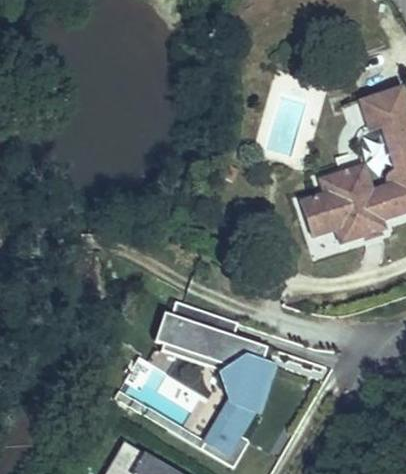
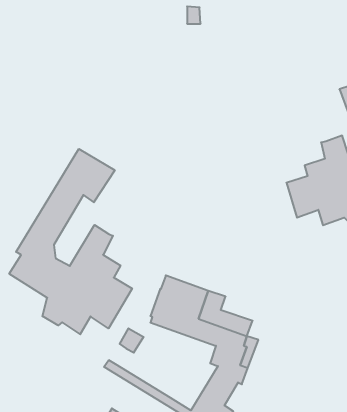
building: none -> [9,149,132,334]

